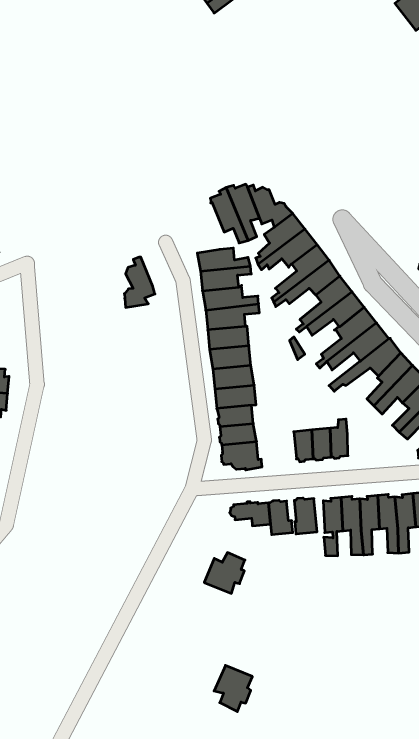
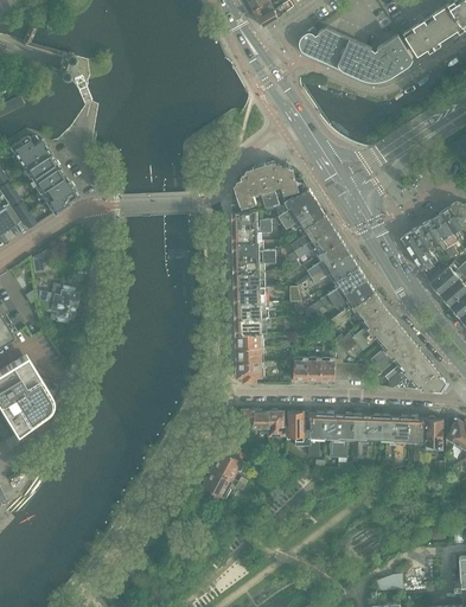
building: none -> [299,28,414,82]
building: [124,257,155,307] -> [232,174,256,212]
building: [214,665,252,712] -> [203,468,234,505]

